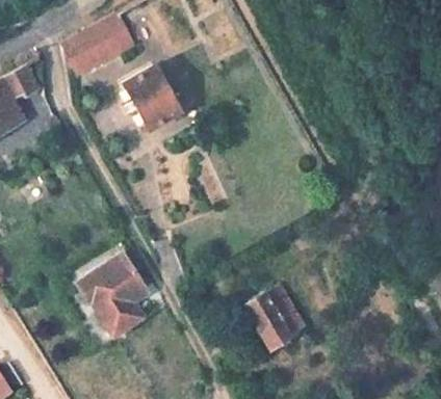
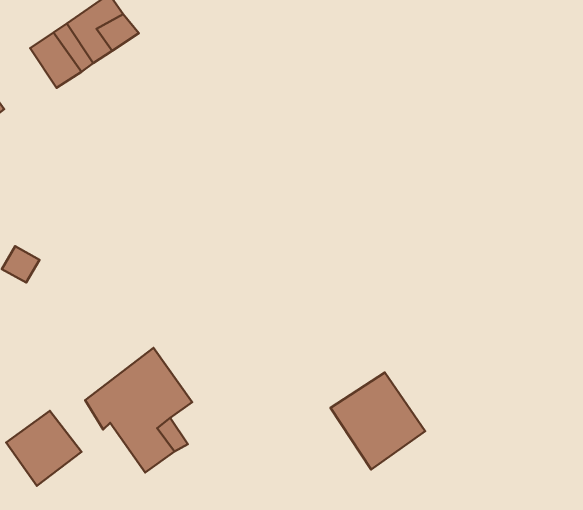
building: [120,68,179,130] -> none
building: none -> [6,411,81,486]

